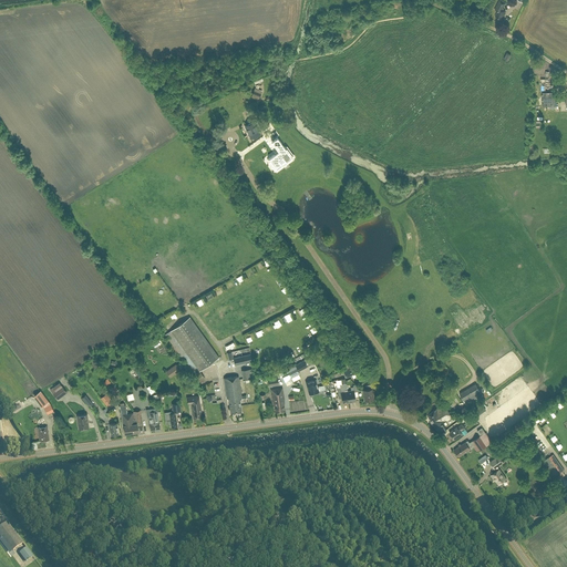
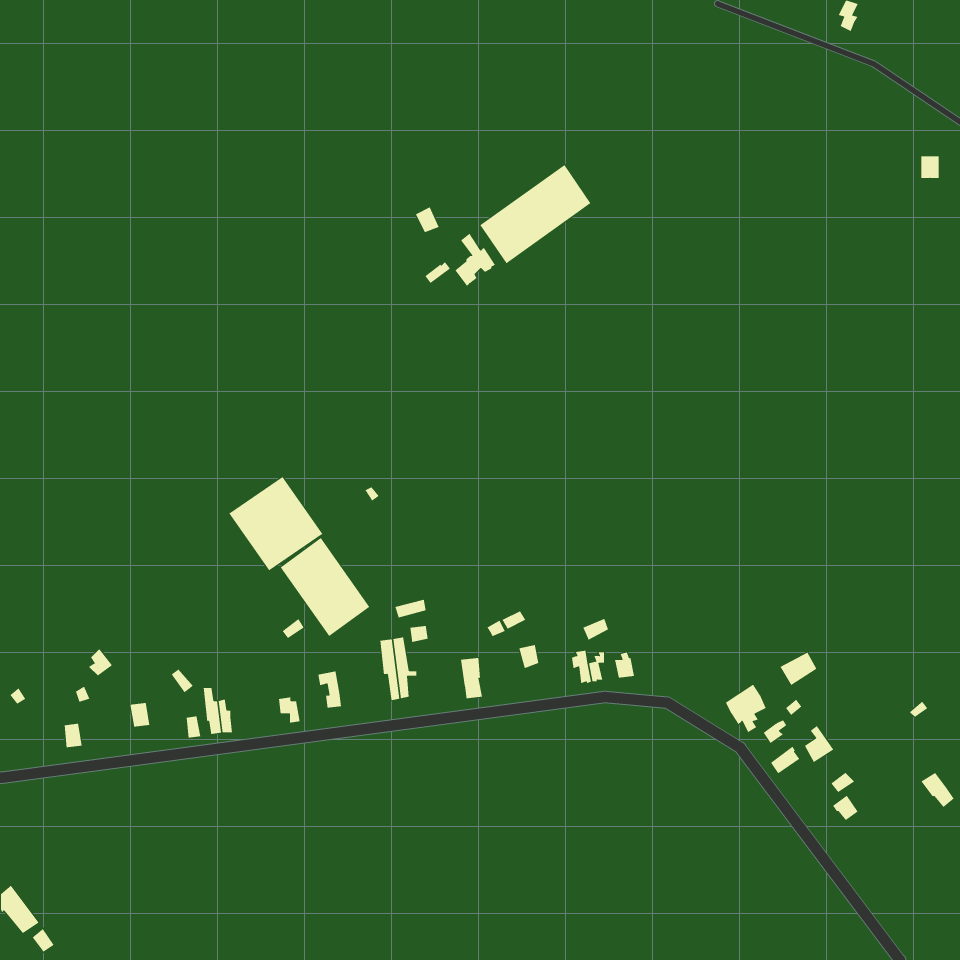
building: none -> [480,164,591,264]
building: none -> [229,476,323,571]

